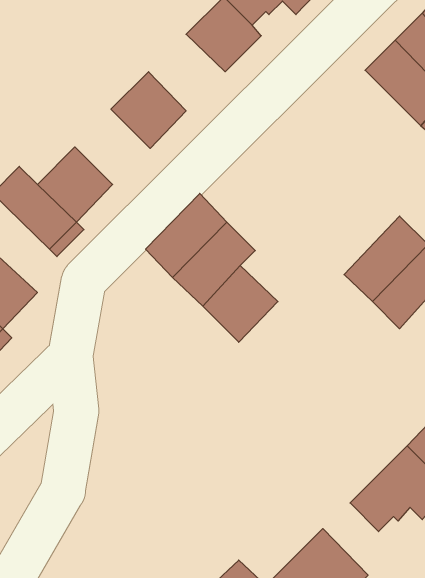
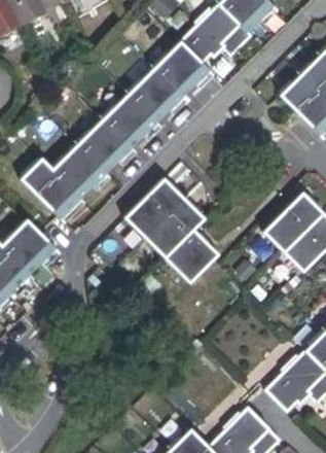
building: none -> [130,70,182,123]
building: none -> [79,121,131,173]

